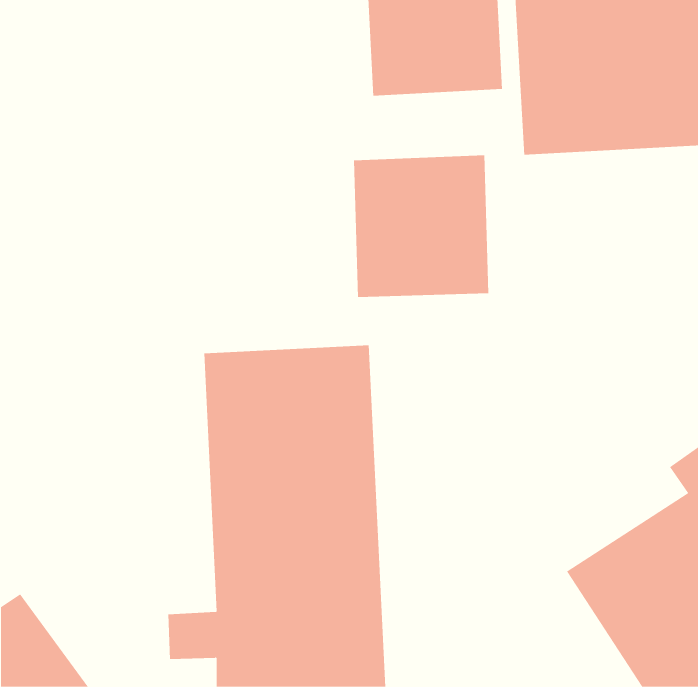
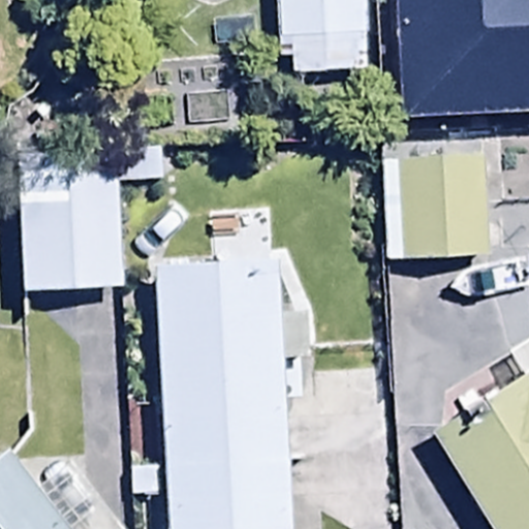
building: [353,155,489,298] -> [384,153,487,260]
building: none -> [24,146,164,290]

